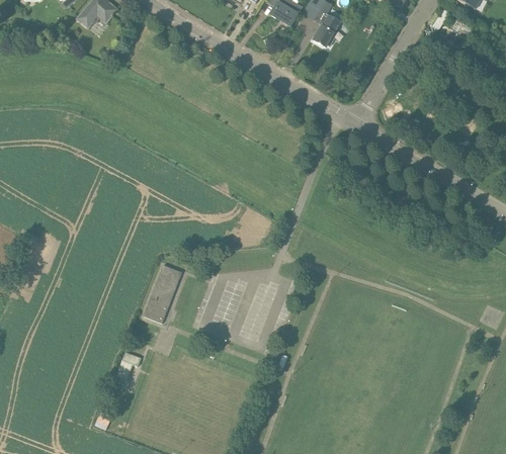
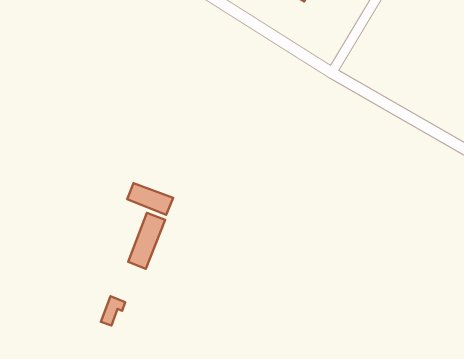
building: none -> [127,183,173,215]

